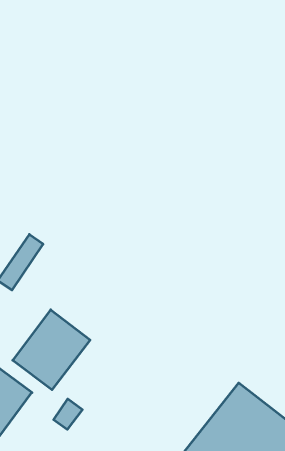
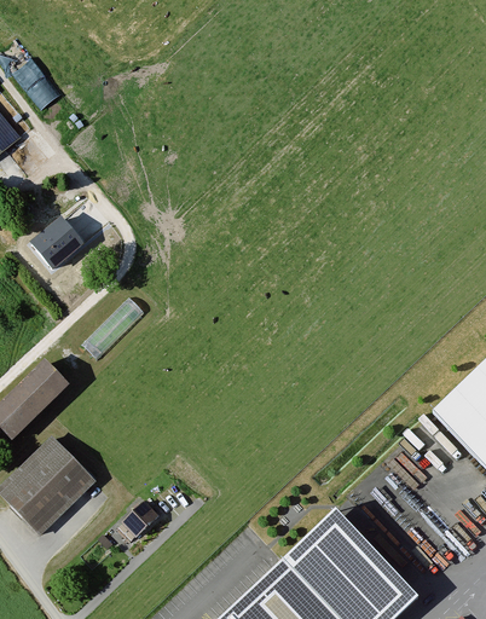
building: [13,310,90,390] -> none

